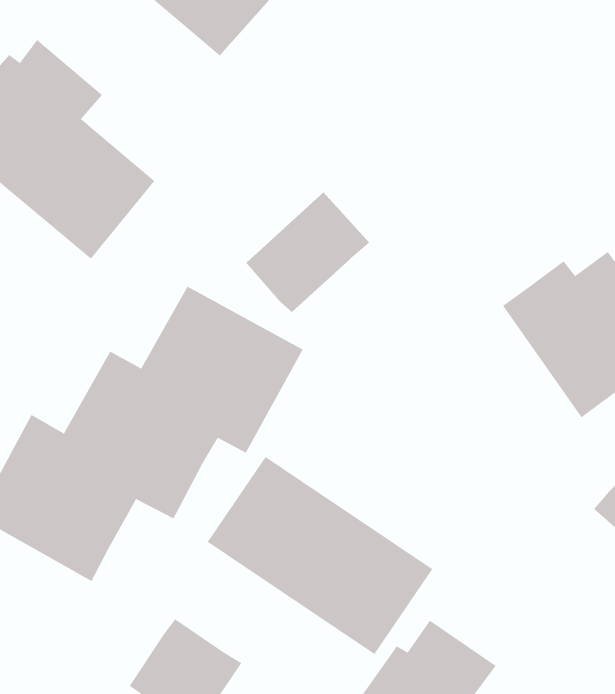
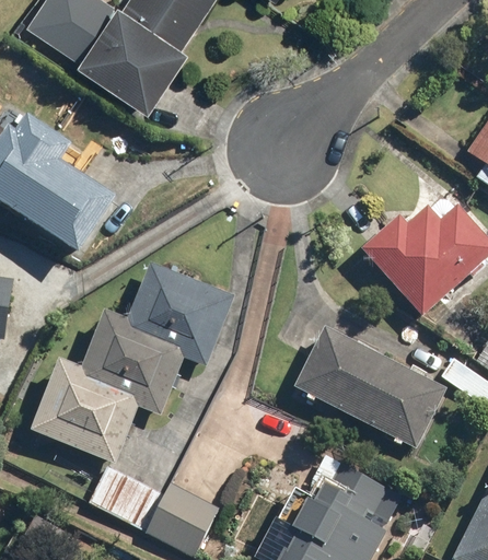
building: [245,191,370,313] -> none
building: [207,456,433,655] -> [293,327,445,450]
building: none -> [88,464,163,530]

